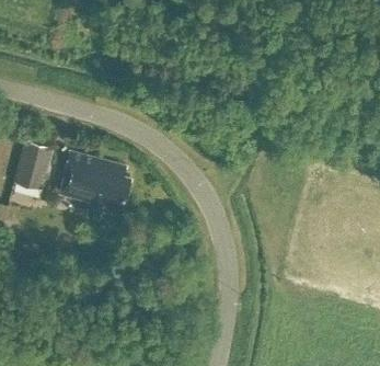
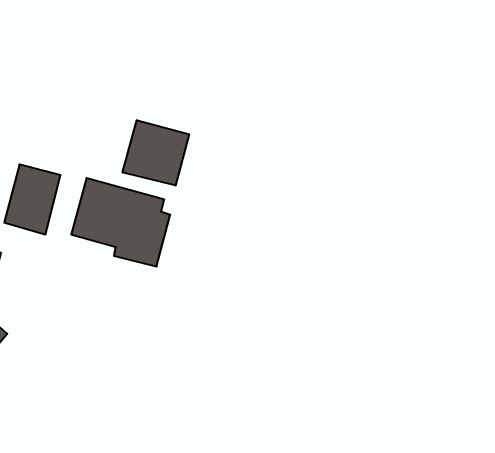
building: none -> [123,120,189,186]

